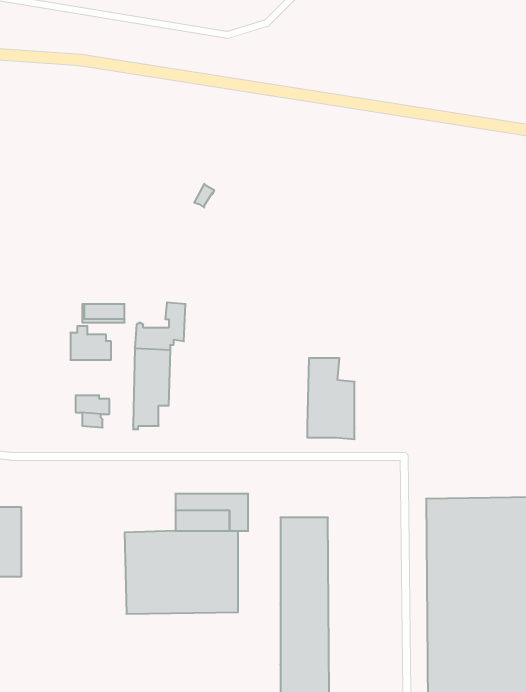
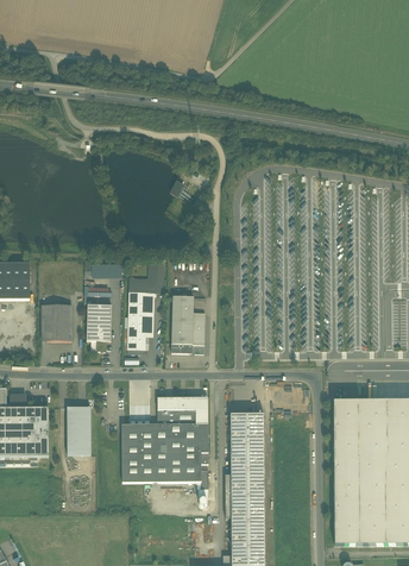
building: [307,358,355,439] -> [171,295,204,352]
building: none -> [42,303,71,339]
building: none -> [87,303,112,329]
building: none -> [67,405,92,453]

